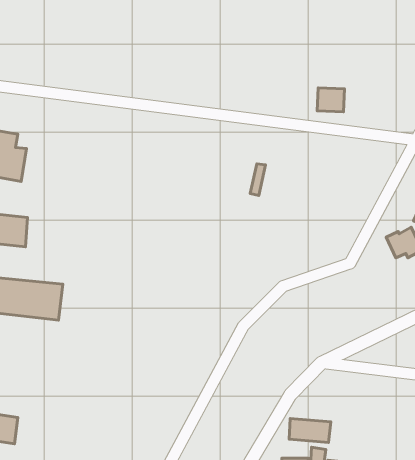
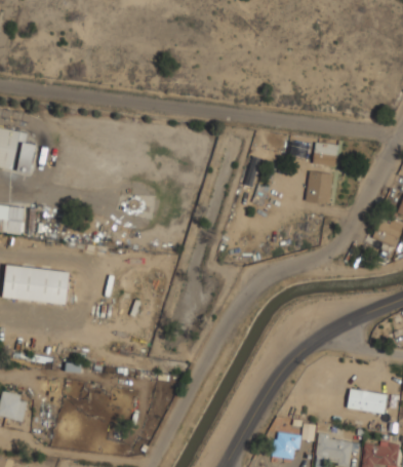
building: [317,88,345,112] -> [314,143,339,165]
building: none -> [307,169,333,203]
building: [289,418,331,443] -> [348,390,387,413]

